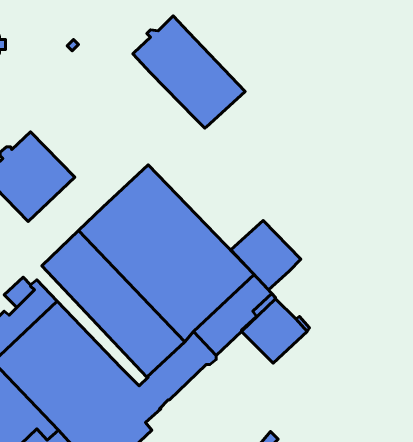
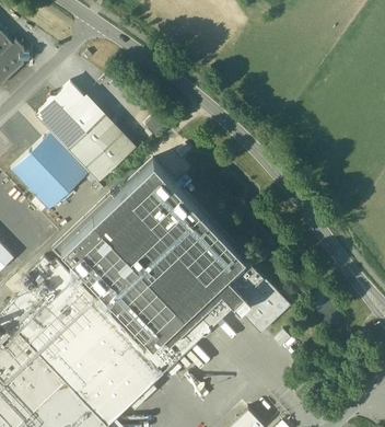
building: [133,16,245,128] -> [36,82,133,180]
building: none -> [52,194,153,351]
building: [231,221,301,290] -> none

